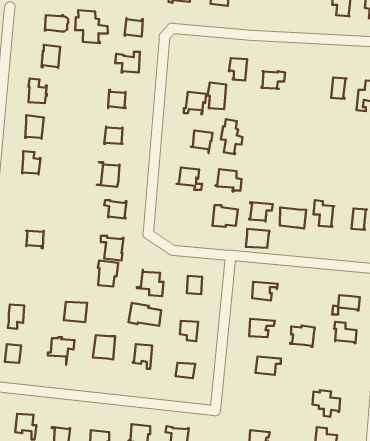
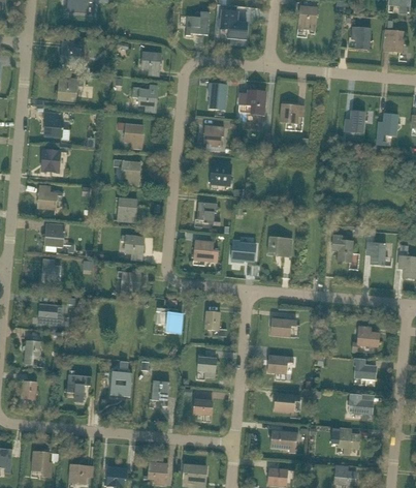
building: [75,10,108,43] -> none
building: [208,83,226,109] -> [207,83,226,110]
building: [221,119,243,154] -> none
building: [215,169,242,192] -> [191,240,218,263]
building: none -> [44,222,64,246]
building: [280,208,306,229] -> none
building: [246,229,269,248] -> none
building: [98,261,118,287] -> none
building: [64,302,87,322] -> [38,304,62,325]
building: [128,303,161,326] -> none
building: [290,325,315,347] -> [349,393,374,415]
building: none -> [270,430,296,452]

